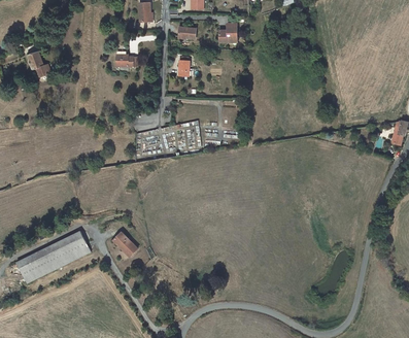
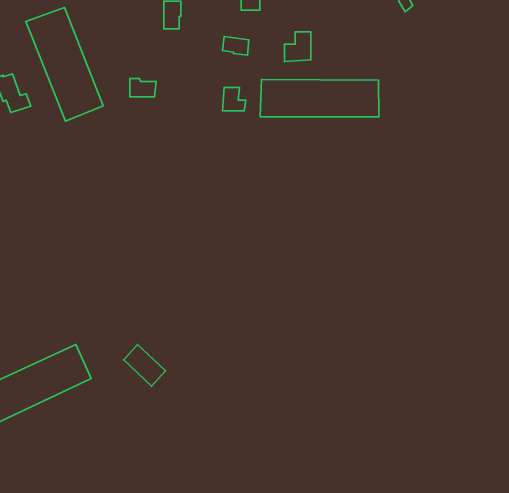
building: none -> [26,7,103,121]
building: none -> [260,80,379,117]

